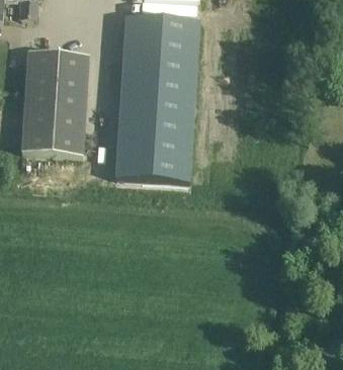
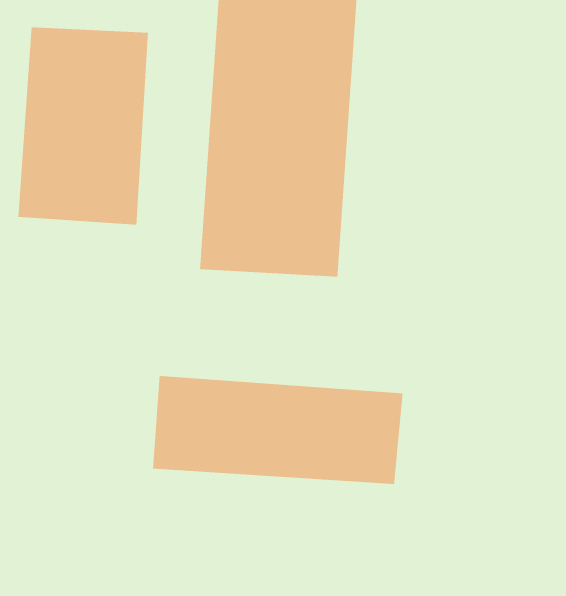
building: none -> [152,375,403,485]

